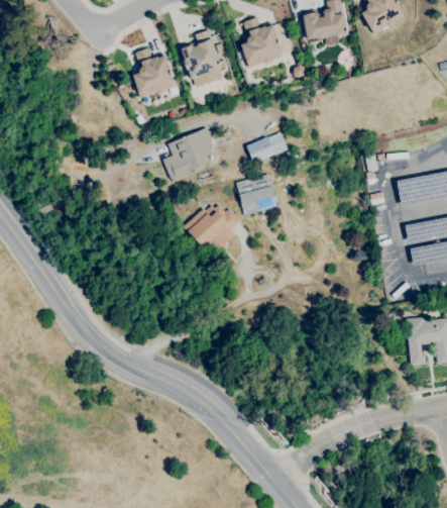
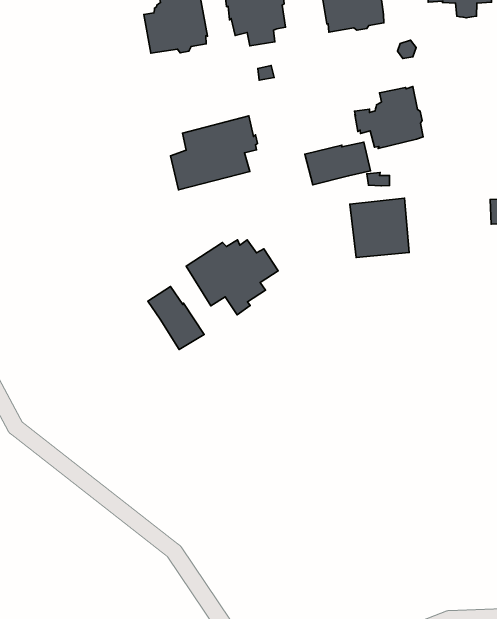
building: none -> [354,87,423,148]
building: [236,174,277,215] -> [350,198,409,257]
building: none -> [148,286,204,349]

